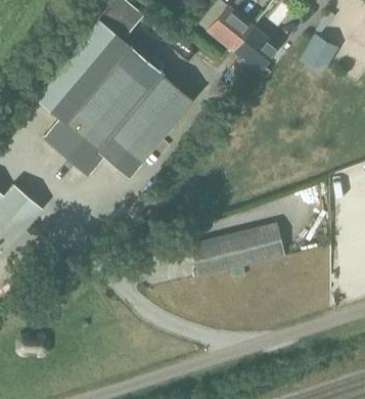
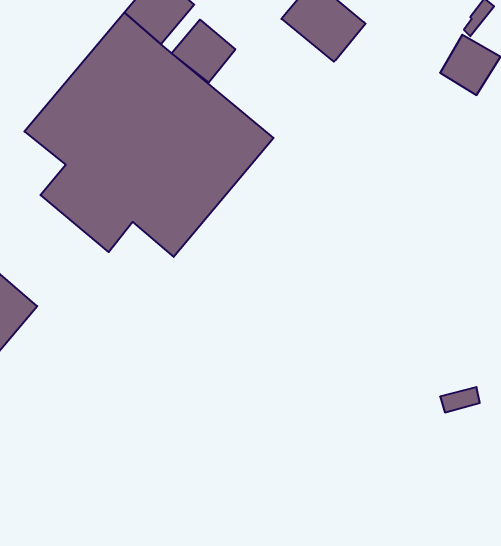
building: none -> [172,20,235,83]
building: [233,25,278,70] -> none
building: [194,227,279,273] -> none

